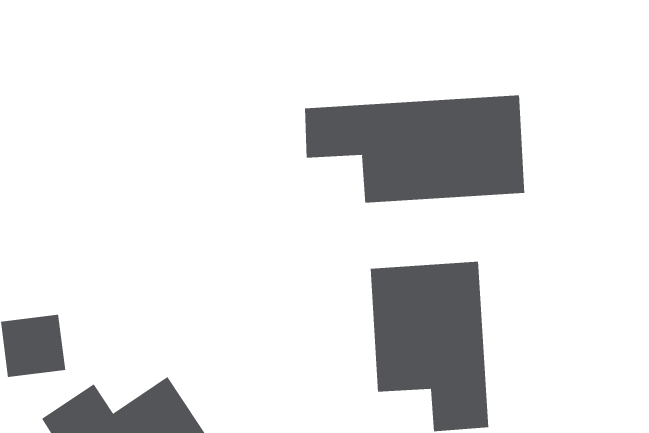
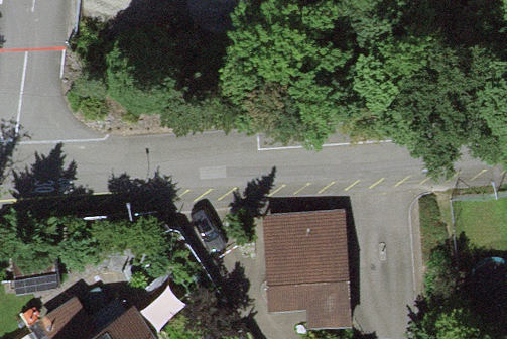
building: [304,94,525,204] -> none

